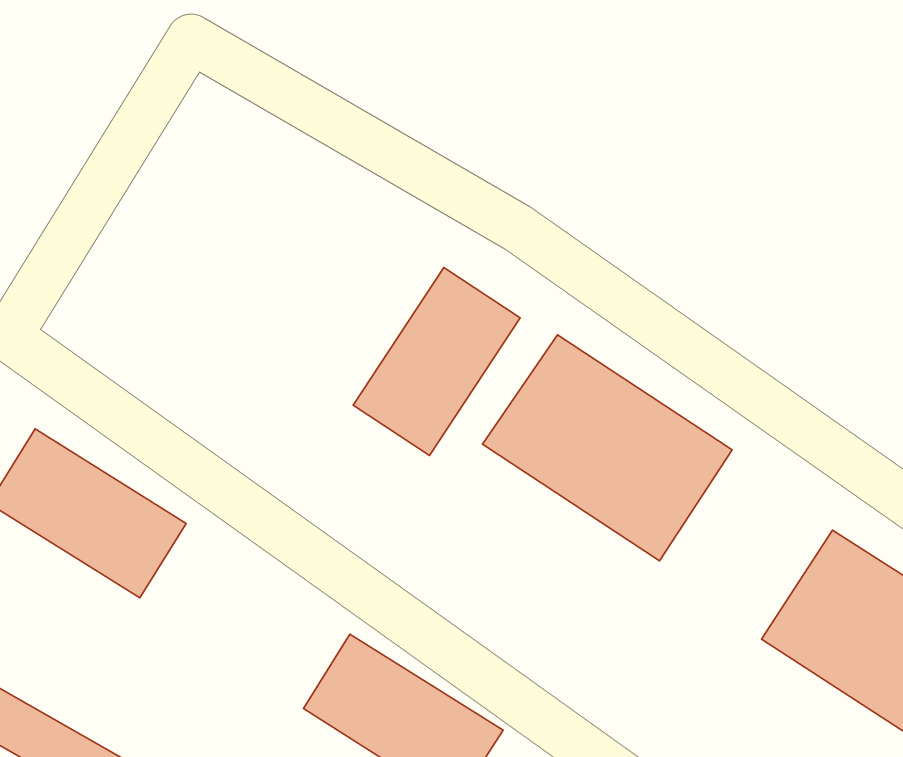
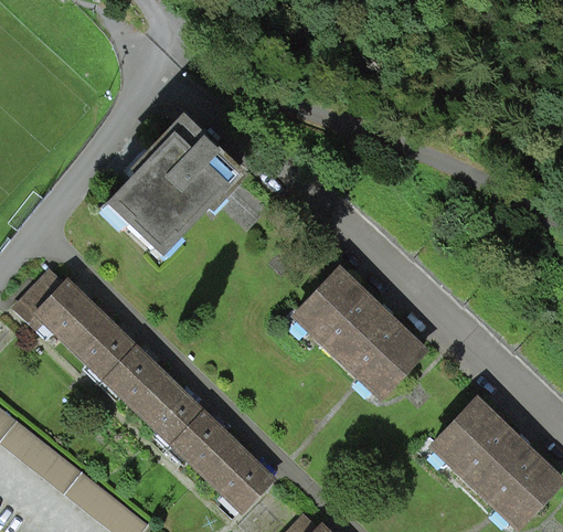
building: none -> [102,123,235,259]
building: [353,268,520,456] -> none
building: none -> [103,347,196,437]

